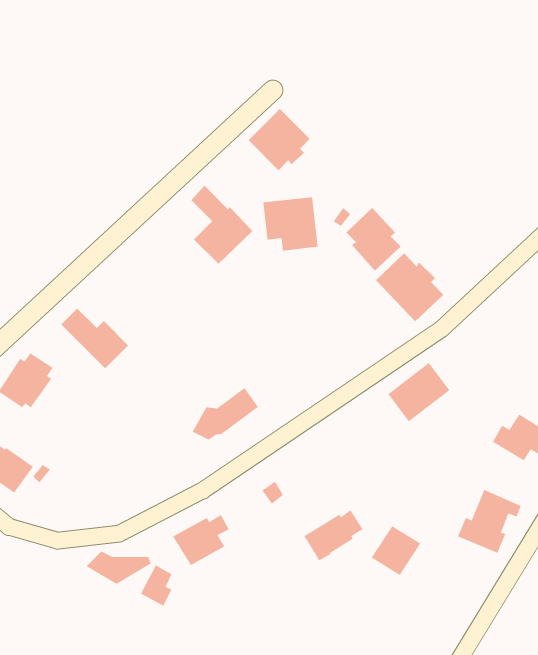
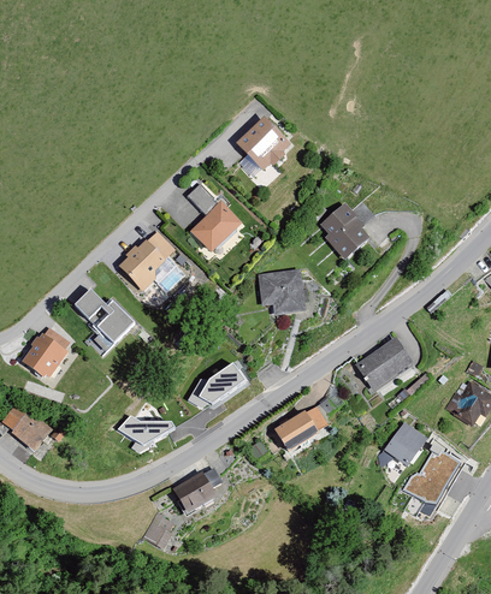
building: [263,197,318,251] -> [258,268,306,315]
building: none -> [119,232,174,291]
building: [375,253,444,322] -> none
building: [303,510,363,561] -> [274,406,326,451]
building: [371,525,421,576] -> [384,422,427,465]
building: [86,551,152,584] -> [118,412,174,441]

